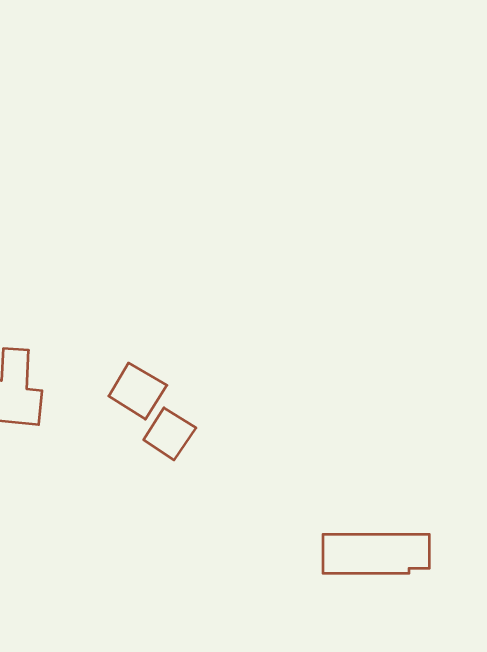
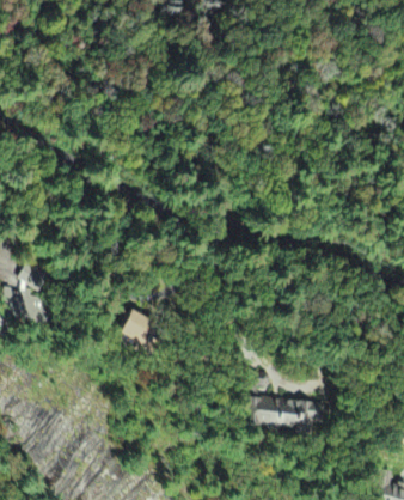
building: [109,363,167,419] -> none

